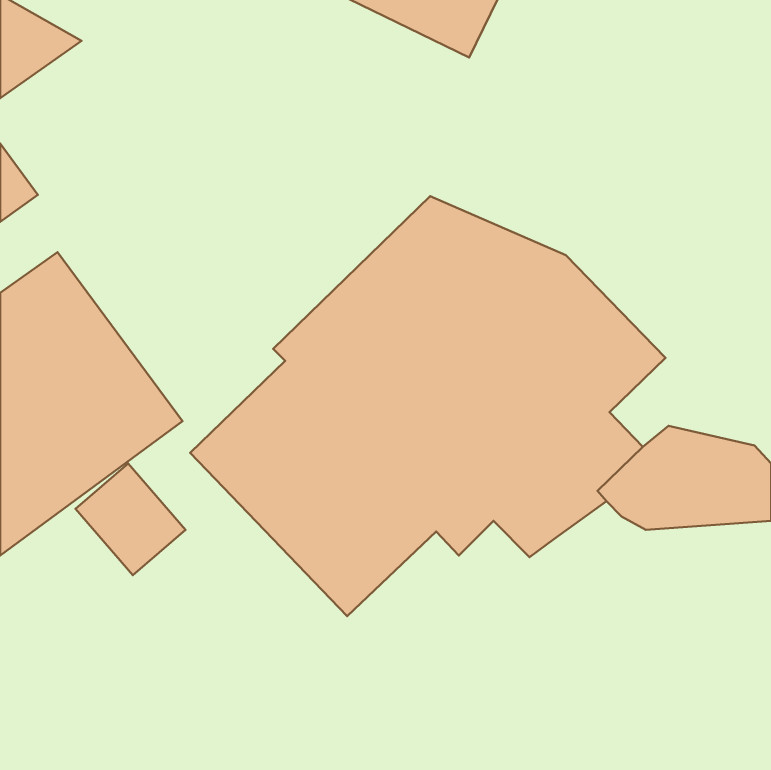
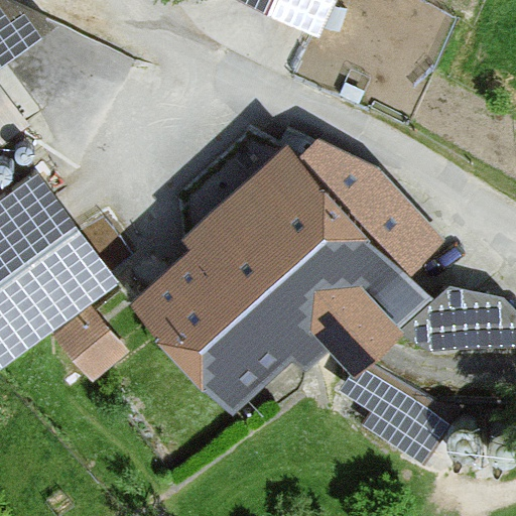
building: none -> [339,360,461,466]

